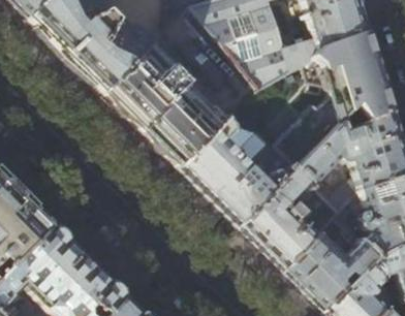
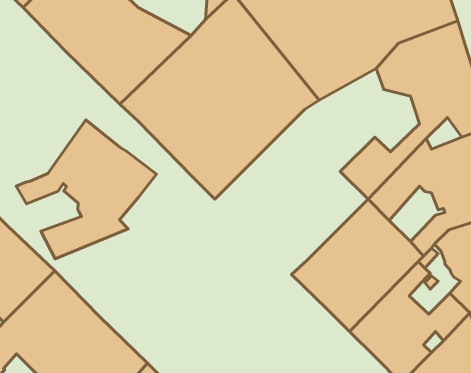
building: none -> [16,120,157,259]
building: [182,118,302,226] -> none

